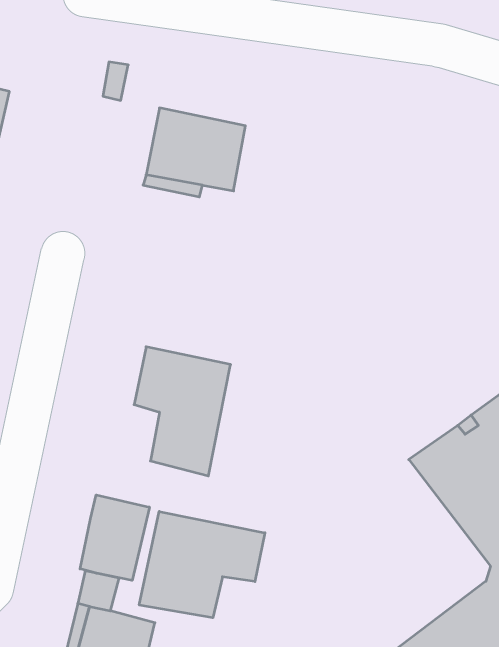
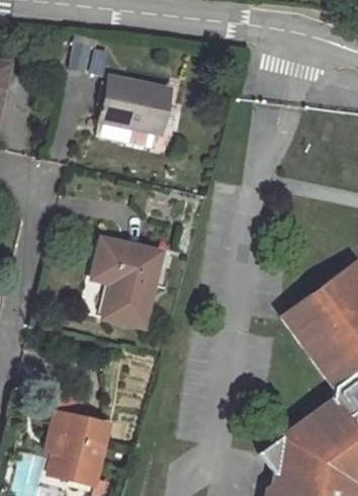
building: [80,495,149,580] -> none
building: [139,511,265,618] -> none

